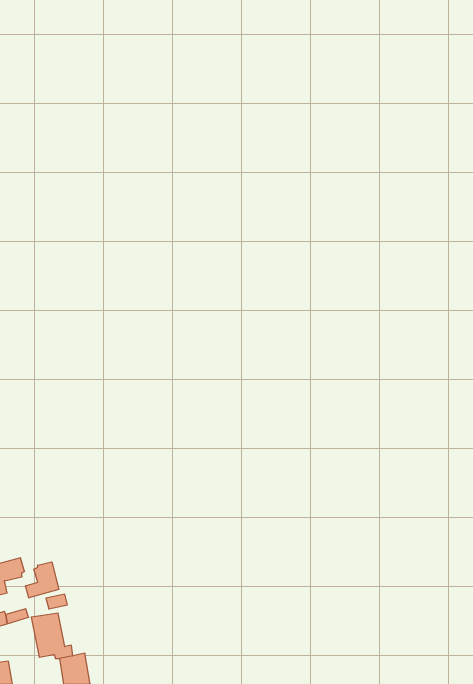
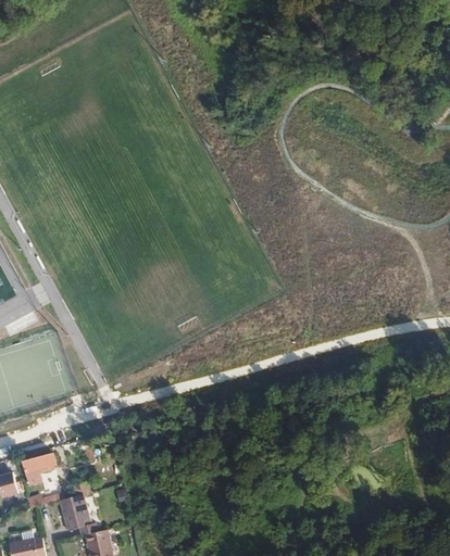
building: [26,562,59,598] -> none

